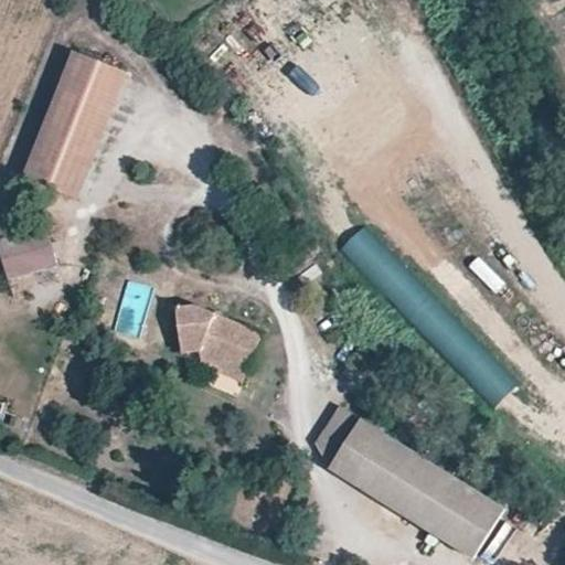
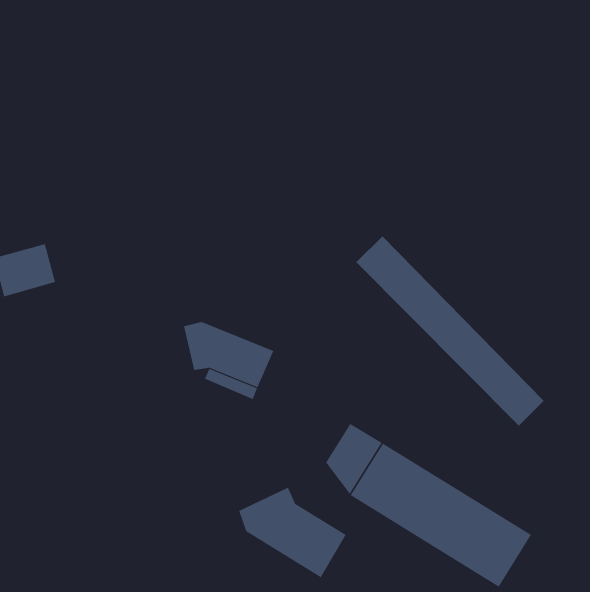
building: [20,49,126,203] -> none
building: none -> [238,487,347,578]

